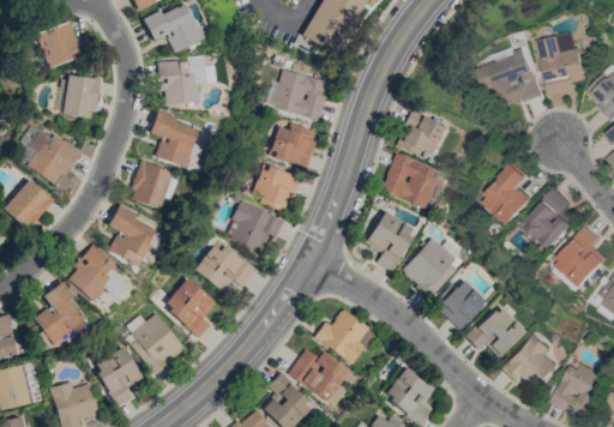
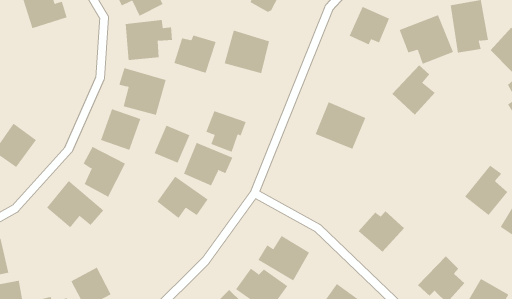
building: [56,73,100,118] -> none
building: [396,110,444,156] -> [349,6,390,45]
building: [267,122,318,168] -> [173,35,216,74]
building: [22,128,82,186] -> none
building: [483,166,535,225] -> [391,64,435,115]
building: none -> [154,125,190,164]
building: [523,188,574,249] -> none
building: [365,210,415,270] -> none
building: [399,236,466,297] -> none
building: [162,277,216,337] -> none
building: [35,281,88,343] -> none
building: [465,305,525,357] -> none
building: [125,313,185,373] -> none

